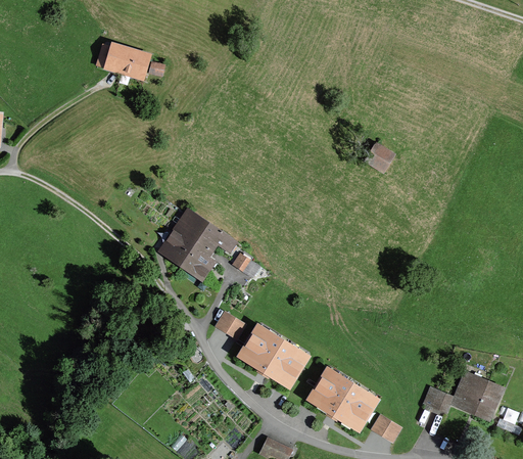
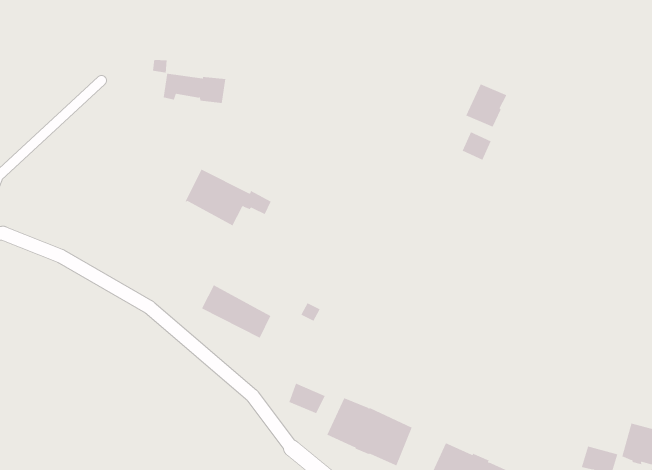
building: [97,47,145,75] -> [163,73,226,103]
building: none -> [466,83,508,128]
building: [172,211,235,256] -> [185,169,272,226]

